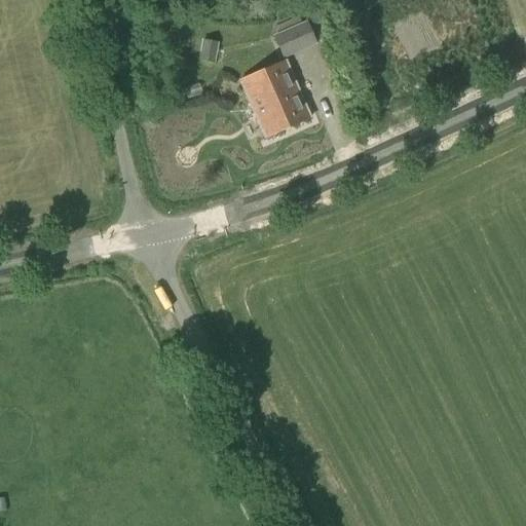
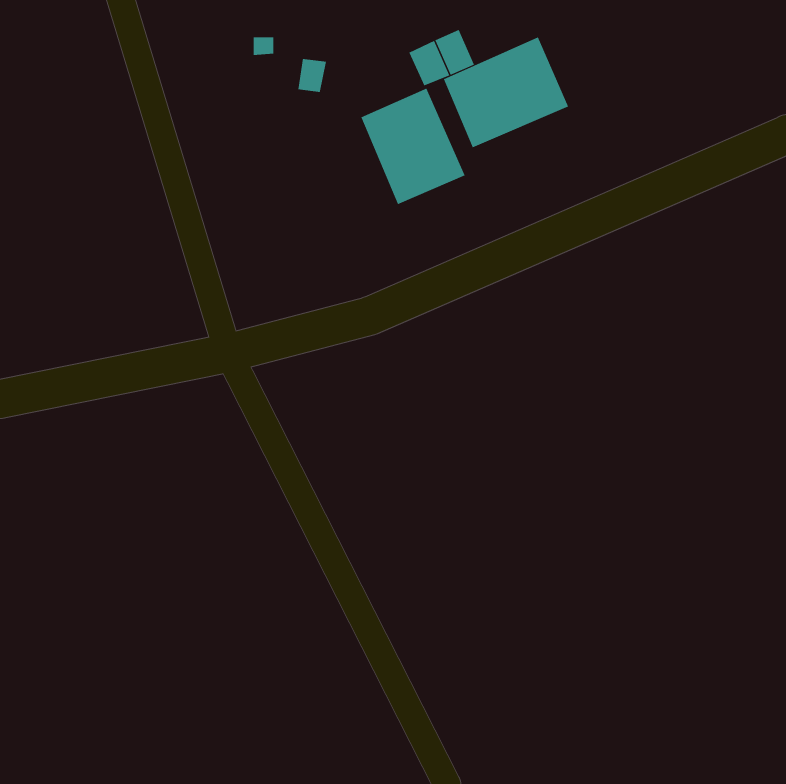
building: none -> [443,36,569,148]

